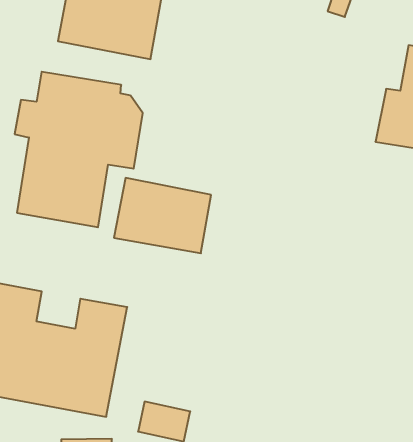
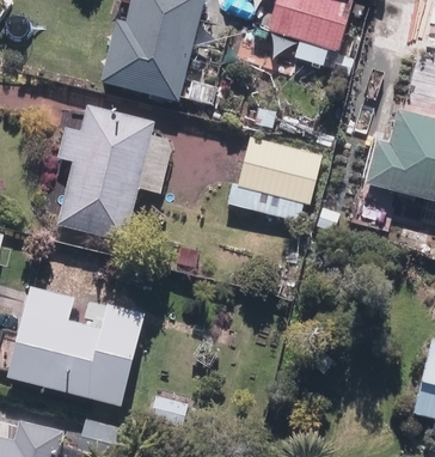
building: [114,178,211,253] -> [234,136,319,205]

